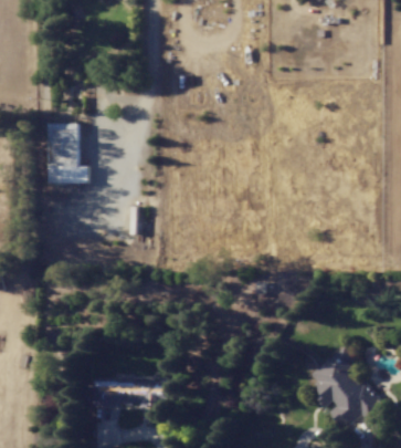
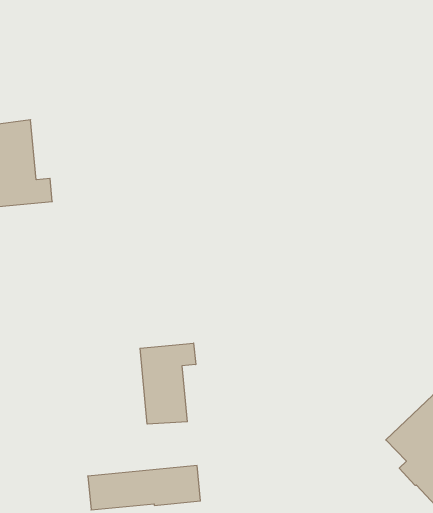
building: none -> [140,343,196,424]

